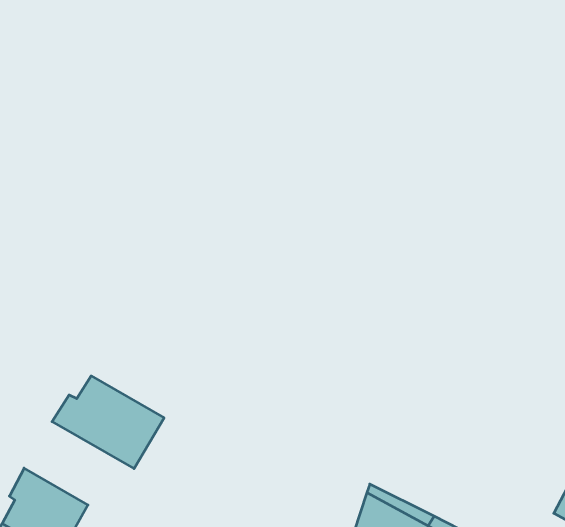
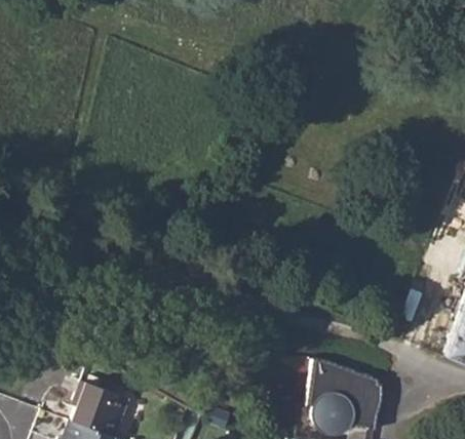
building: [52,376,164,469] -> none

